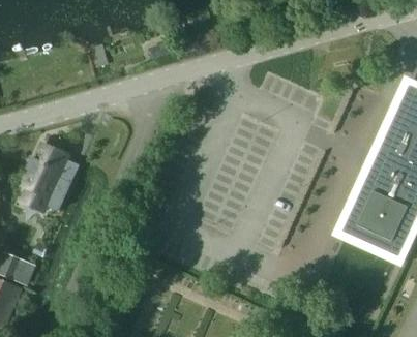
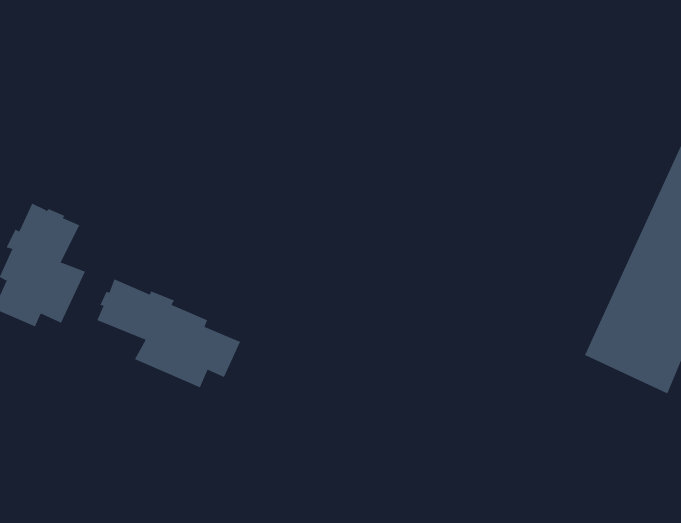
building: none -> [96,278,241,388]

